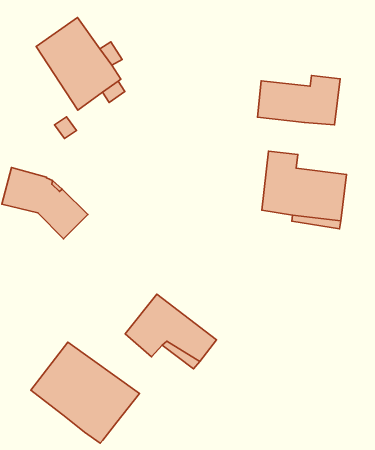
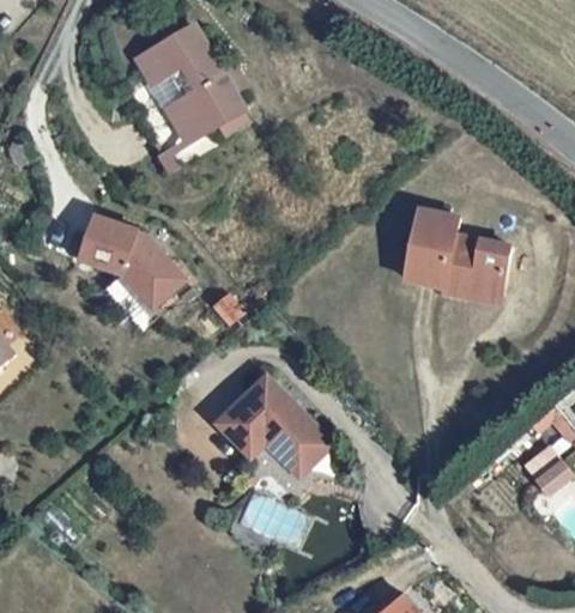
building: [257,75,340,125] -> none
building: [31,342,139,443] -> none

